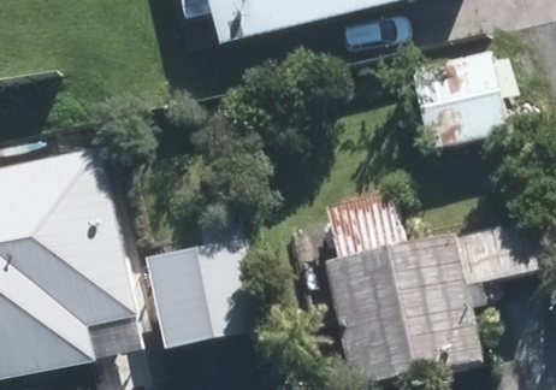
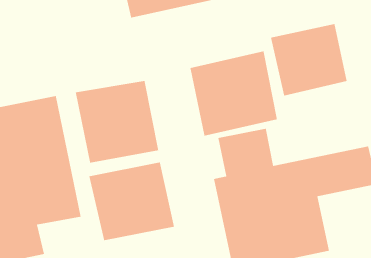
building: none -> [190,51,277,137]
building: none -> [75,80,159,163]

